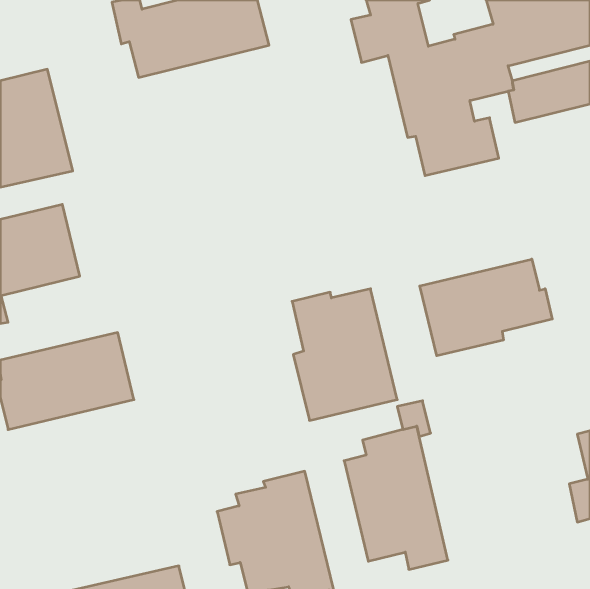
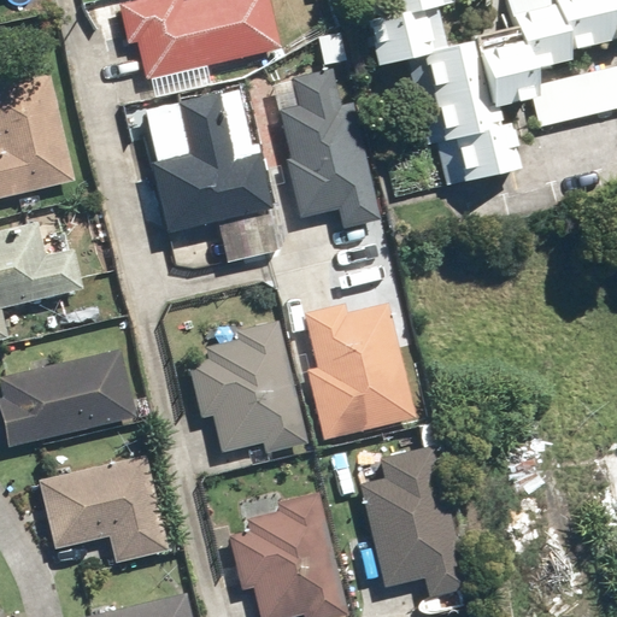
building: none -> [275,64,383,242]
building: none -> [147,93,287,264]
building: [420,259,552,356] -> none
building: none -> [186,322,308,453]
building: none -> [37,451,172,565]

